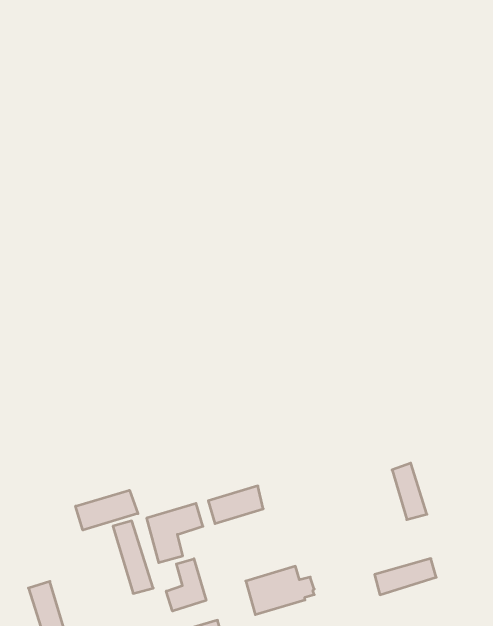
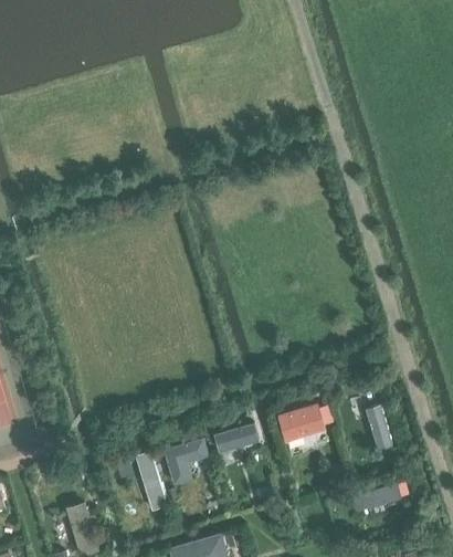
building: [76,490,138,530] -> none
building: [166,559,206,611] -> none
building: [246,566,314,615] -> [277,403,334,443]

